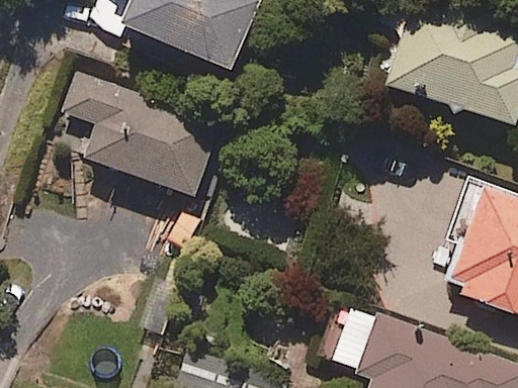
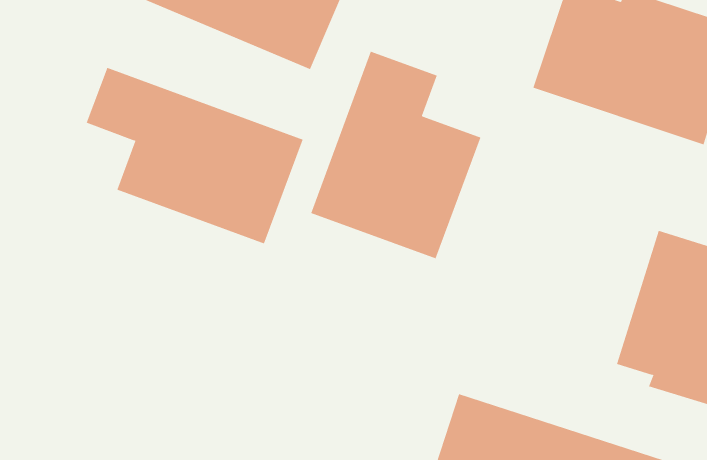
building: none -> [310,51,481,259]

